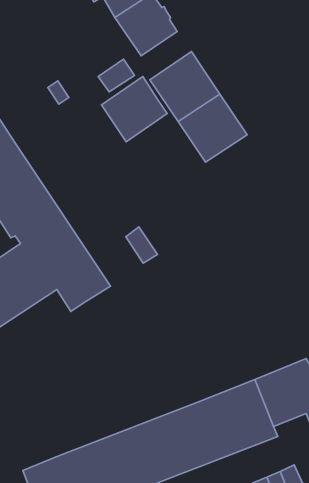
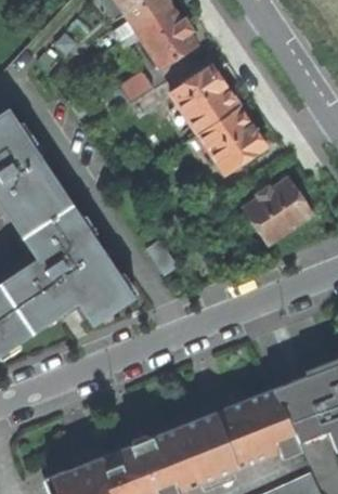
building: [102,77,167,142] -> none
building: none -> [243,179,318,250]

